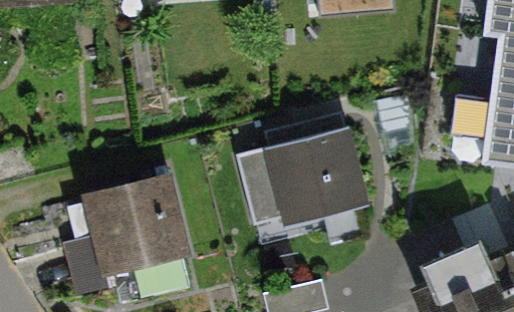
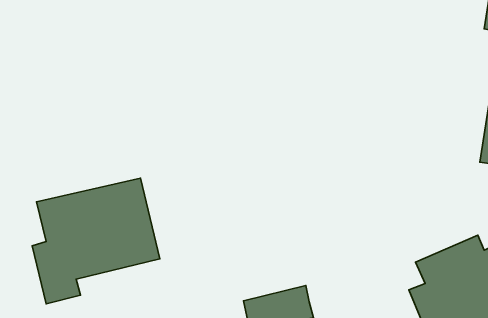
building: [239,129,365,232] -> none

